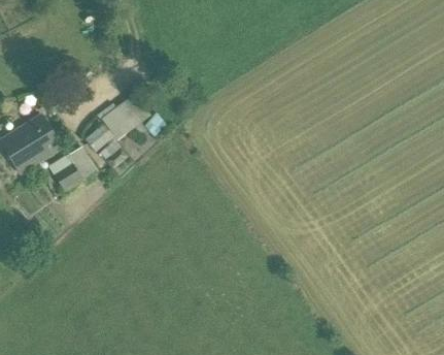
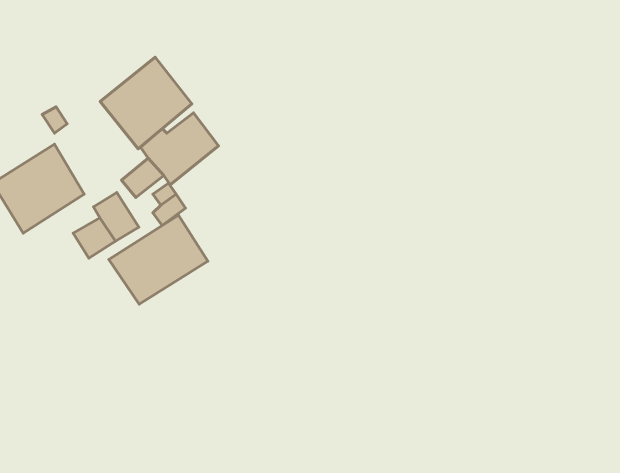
building: none -> [100,57,192,149]
building: none -> [109,215,208,304]

